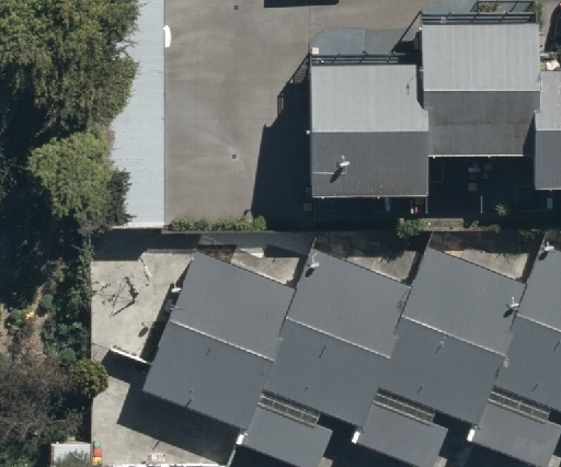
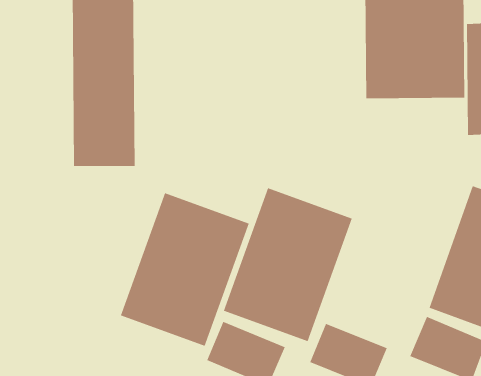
building: [309,66,423,193] -> none
building: [378,252,526,426] -> none

